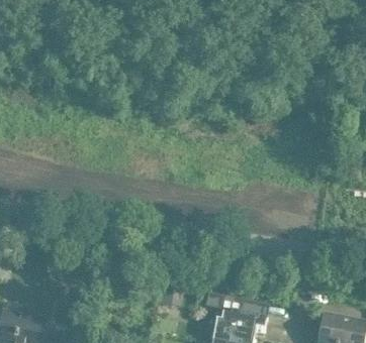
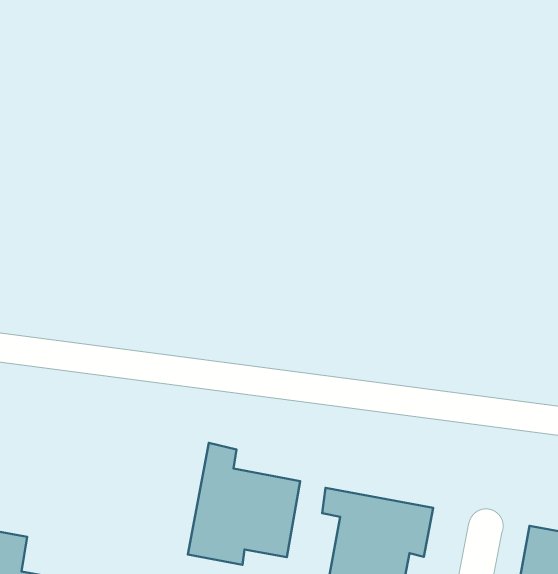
building: none -> [188,443,300,565]

